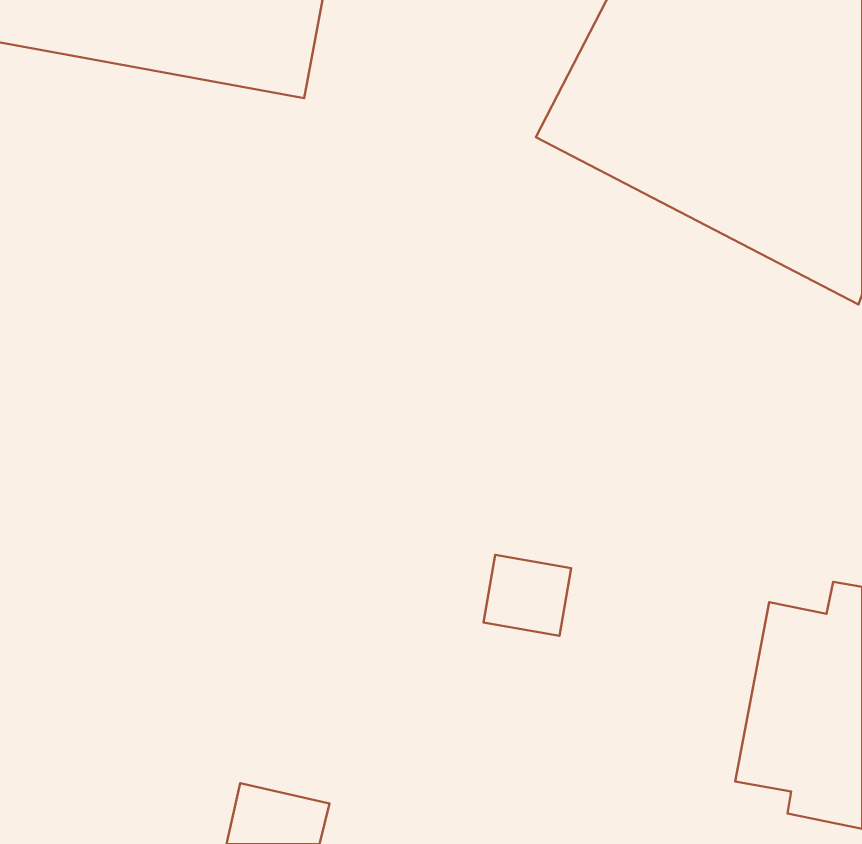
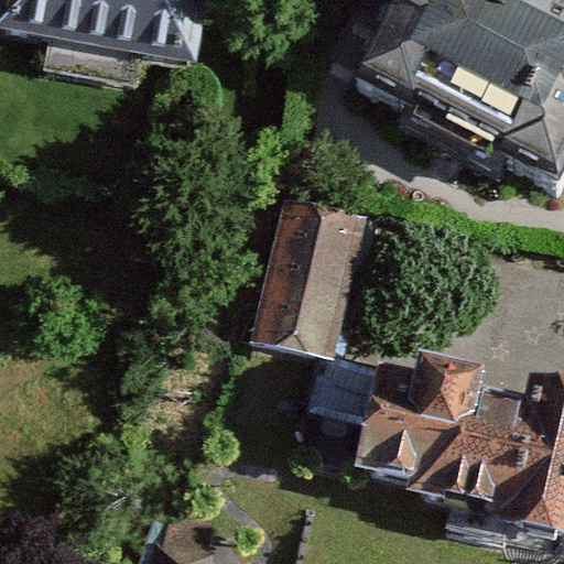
building: none -> [260,195,360,348]
building: none -> [371,359,506,509]

